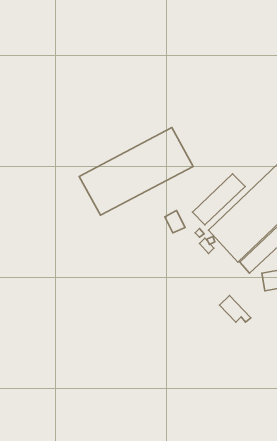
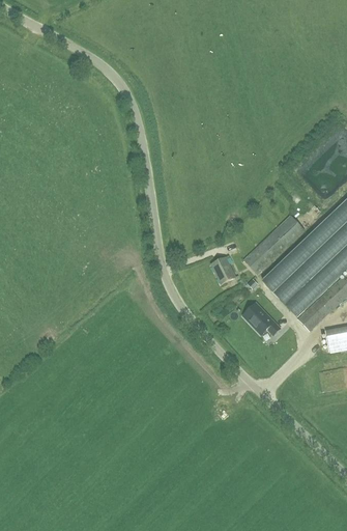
building: [79,128,193,215] -> none
building: [220,295,251,322] -> [243,303,280,334]

